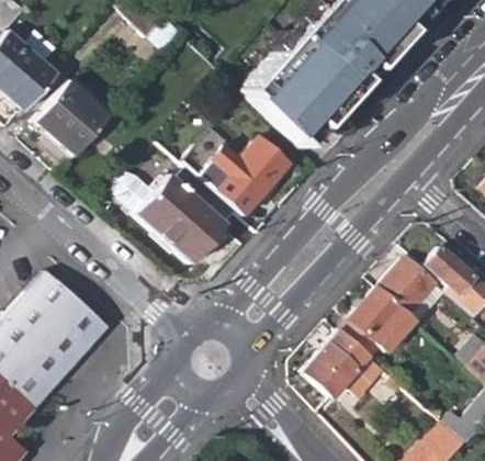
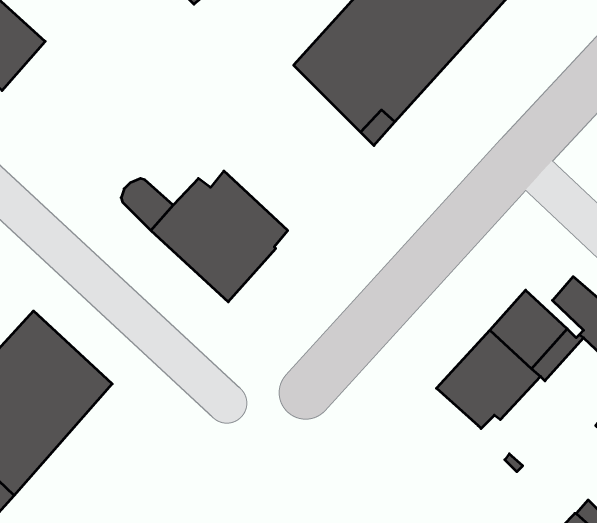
building: [34,83,105,155] -> none
building: [217,137,298,217] -> none
building: [305,329,387,396] -> none

